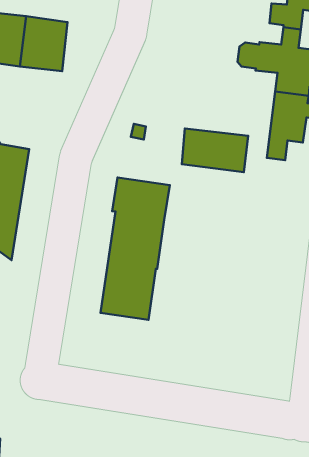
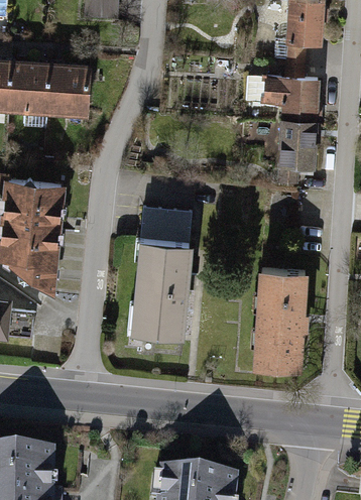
building: [182,129,248,172] -> none
building: none -> [256,269,306,367]

